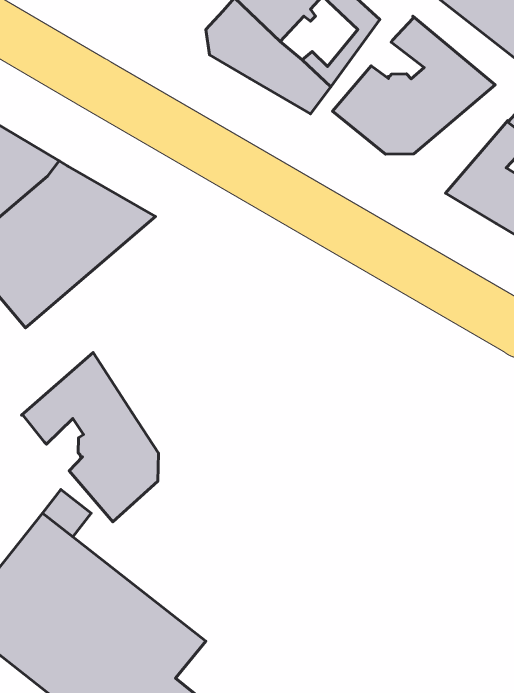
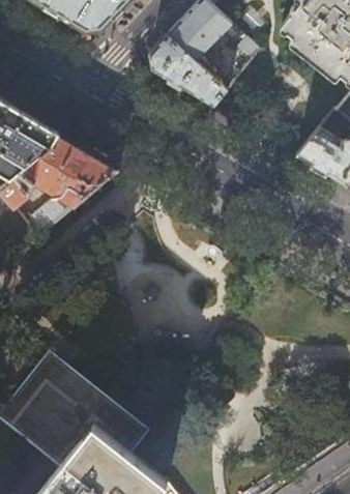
building: [332,16,495,154] -> none
building: [21,353,158,522] -> none

